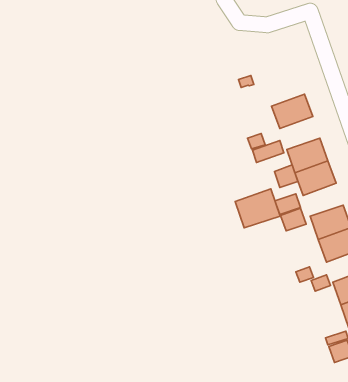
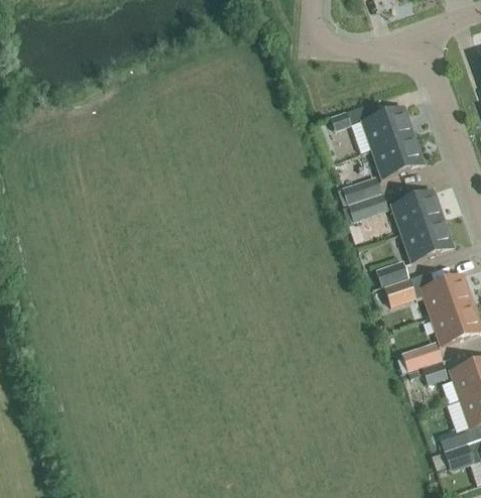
building: none -> [362,105,413,148]
building: [274,165,298,188] -> none
building: [235,189,280,228] -> none

